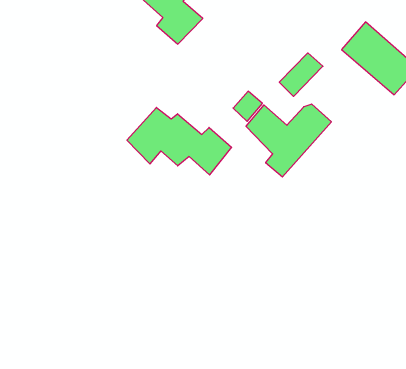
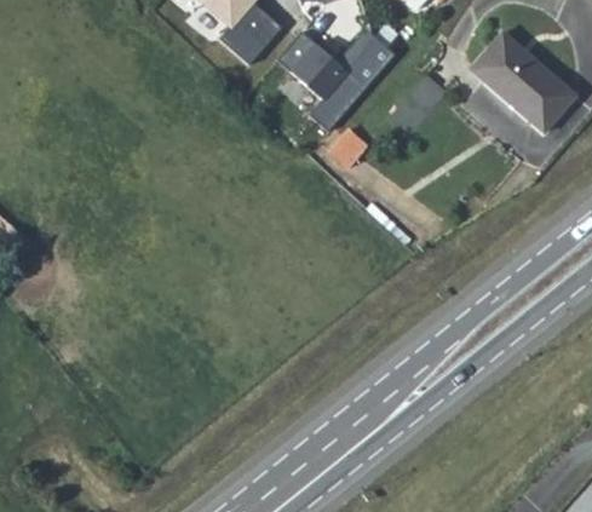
building: [246,104,331,177] -> [280,31,396,131]
building: [127,107,232,175] -> none

